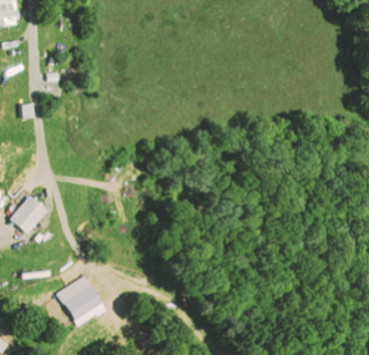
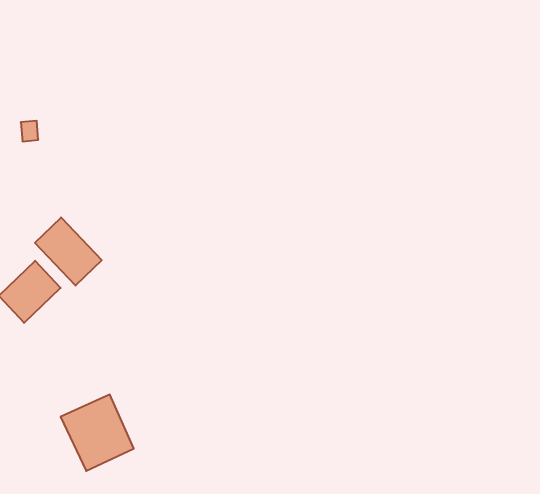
building: none -> [35,217,102,286]

